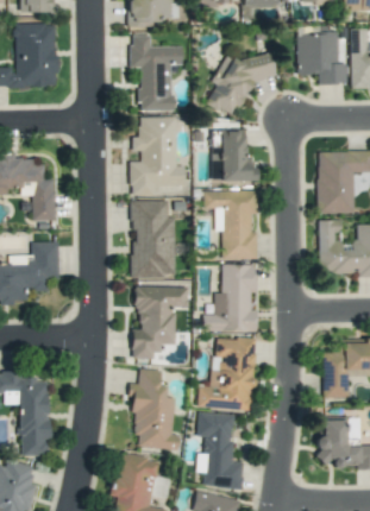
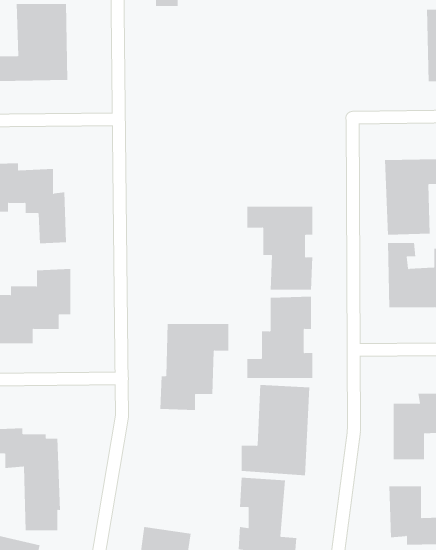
building: [297,33,347,84] -> none
building: [131,34,183,112] -> none
building: [207,45,269,121] -> none
building: [131,116,186,196] -> none
building: [221,130,258,181] -> none
building: [132,200,176,278] -> none
building: [128,368,180,449] -> none

